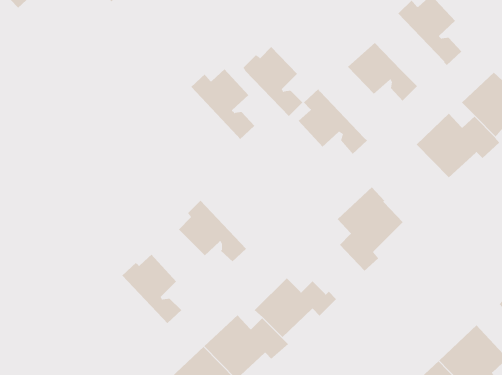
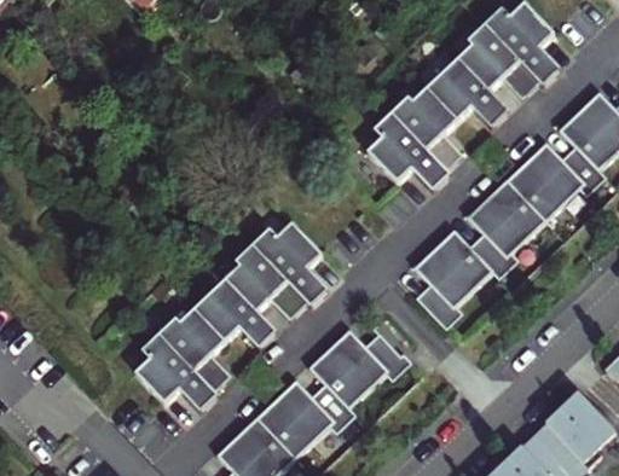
building: none -> [458,24,539,98]
building: [243,46,303,117] -> [392,87,463,170]
building: [191,69,255,140] -> [253,222,329,307]
building: none -> [467,179,545,279]
building: none -> [195,279,277,348]
building: none -> [134,333,218,412]

